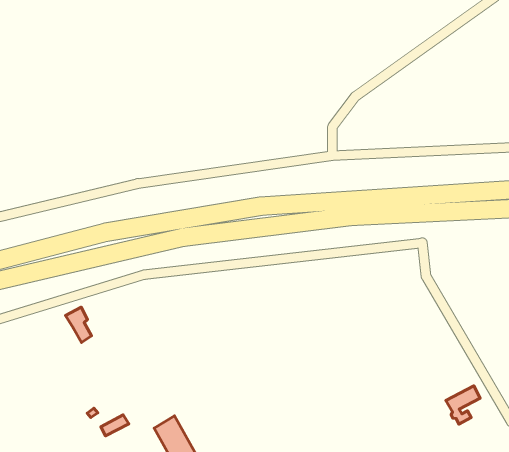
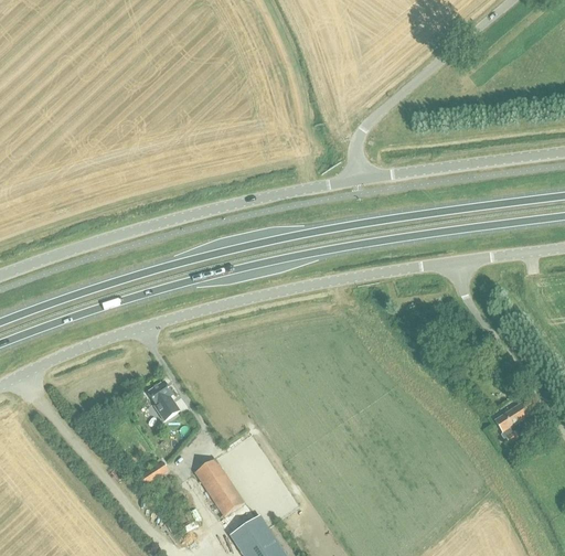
building: [66,307,92,342] -> [149,383,178,419]

